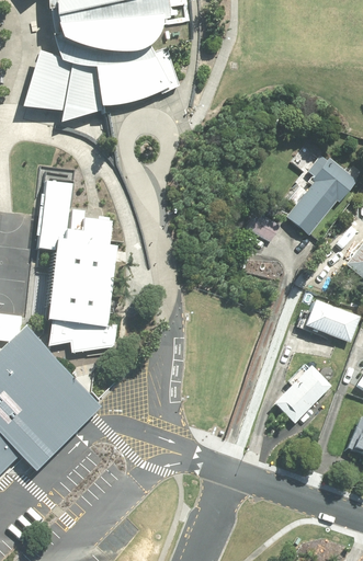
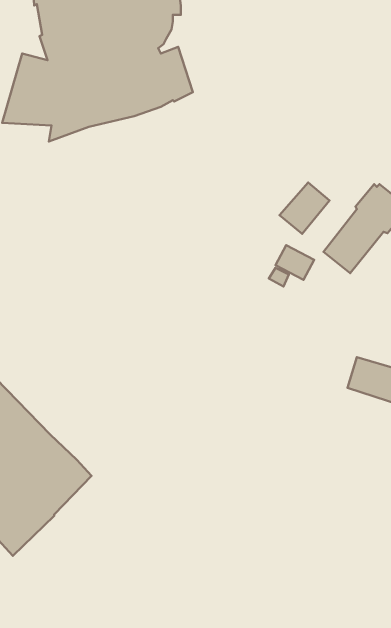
building: none -> [279,183,330,234]
building: [37,168,121,352] -> none
building: [276,368,331,424] -> none

